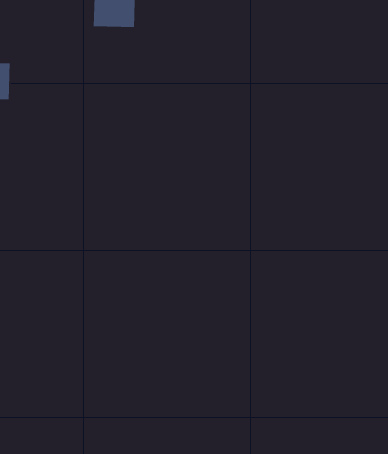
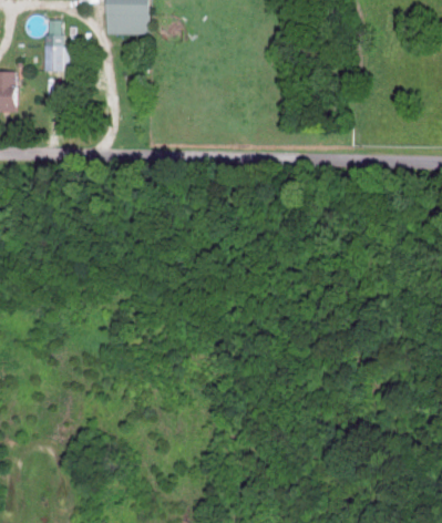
building: none -> [43,21,71,71]

